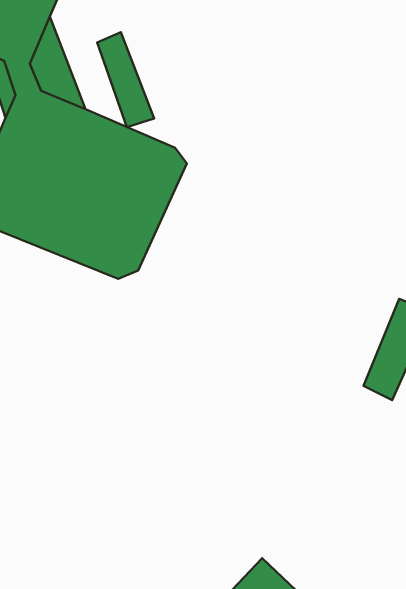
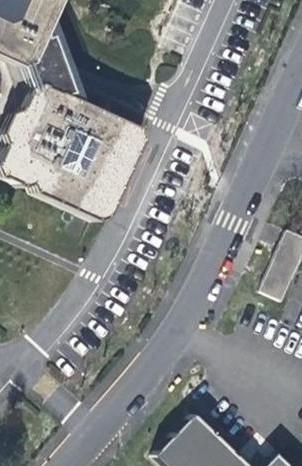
building: [97,32,154,127] -> none

